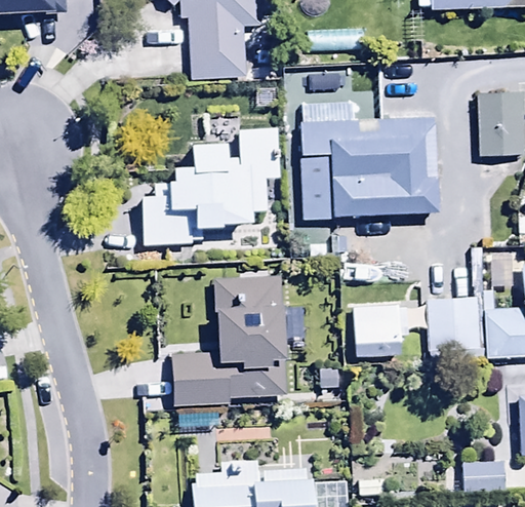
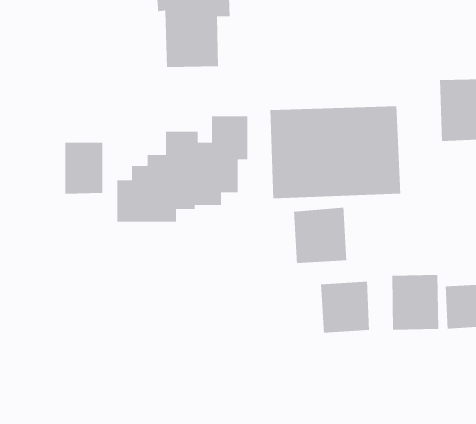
building: none -> [64,142,103,194]
building: none -> [293,207,347,264]
building: [171,274,305,402] -> none

